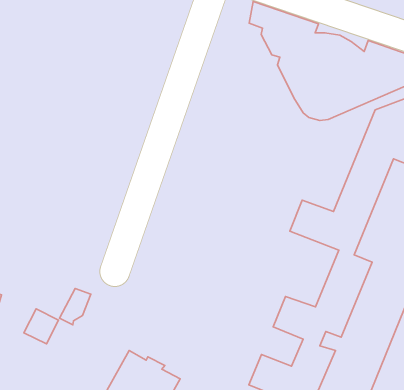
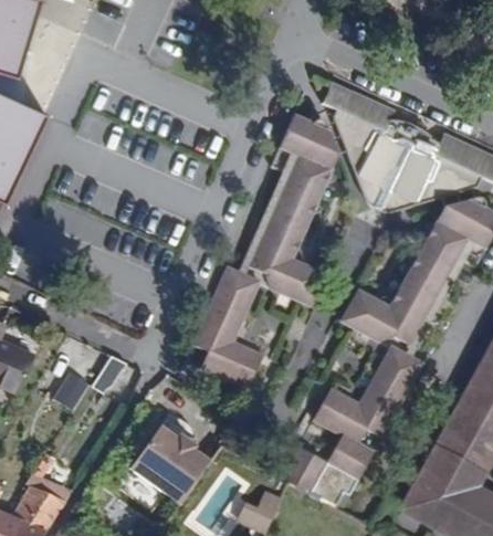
building: none -> [192,113,338,387]

